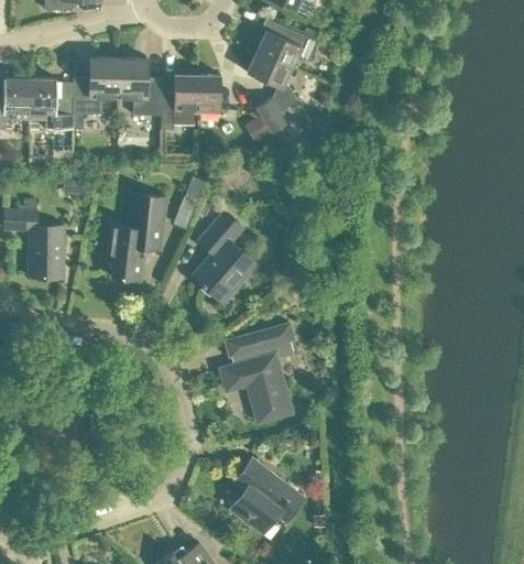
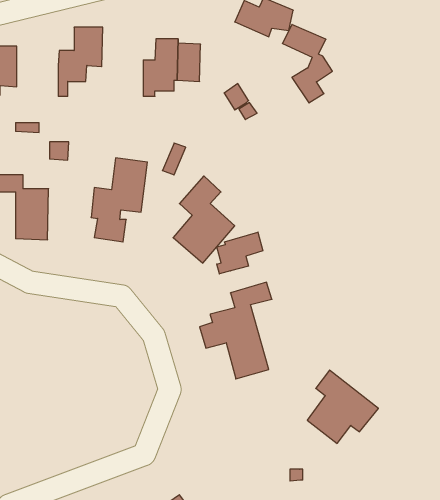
building: [247,53,298,134] -> [282,24,332,103]
building: [119,58,163,116] -> none
building: [31,78,74,130] -> none
building: none -> [217,232,263,274]
building: [231,458,305,534] -> [307,370,378,443]

